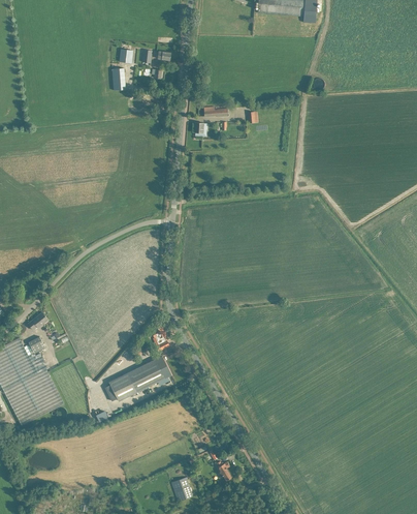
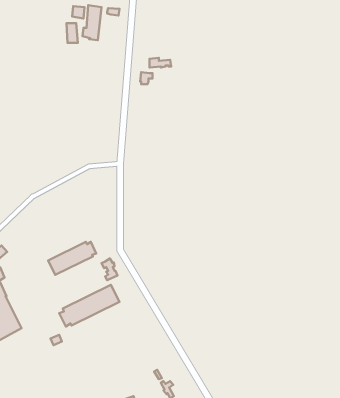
building: none -> [48,242,96,275]

